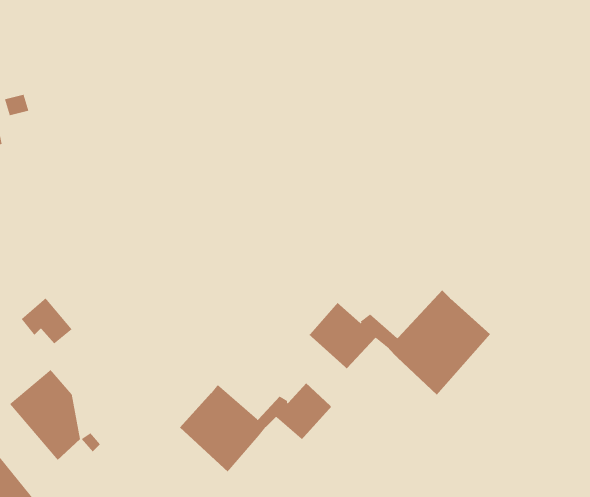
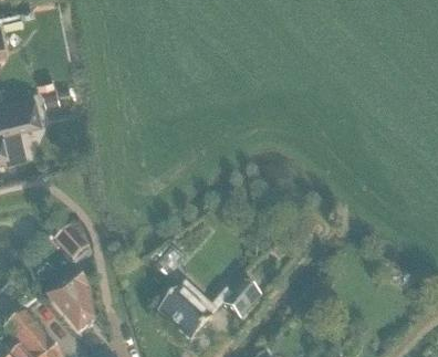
building: [308,289,491,396] -> none

